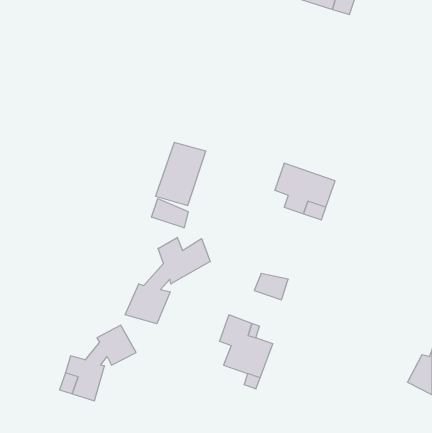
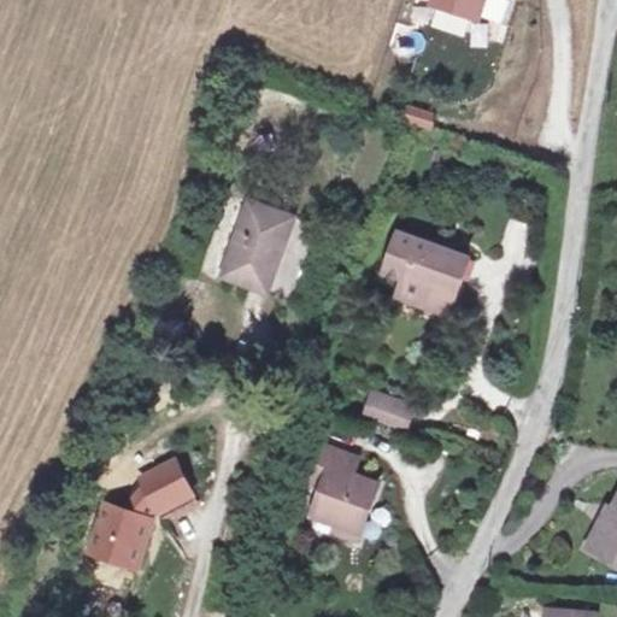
building: [152,199,188,228] -> none
building: [125,237,210,324] -> none

